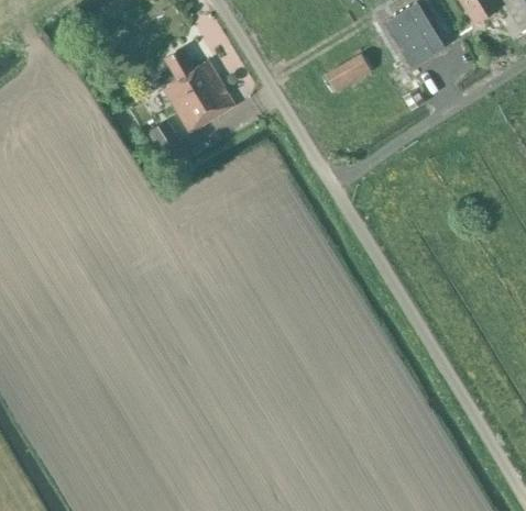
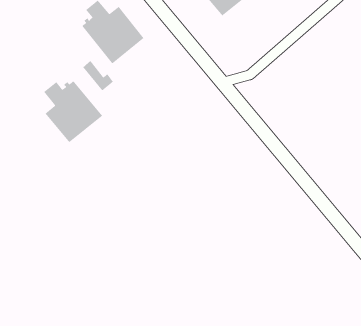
building: none -> [43,80,103,143]

